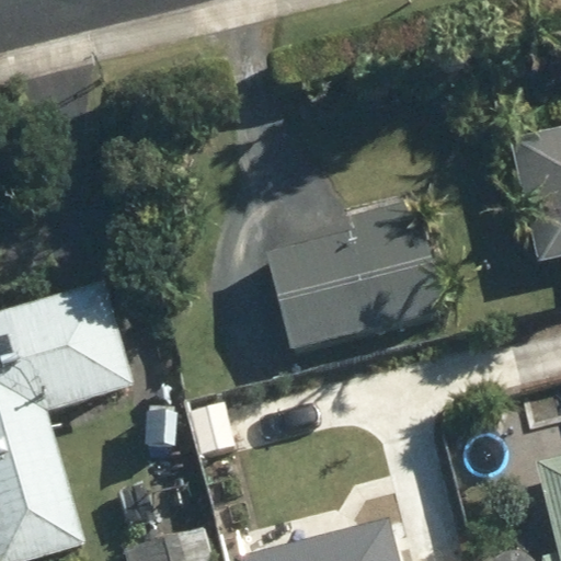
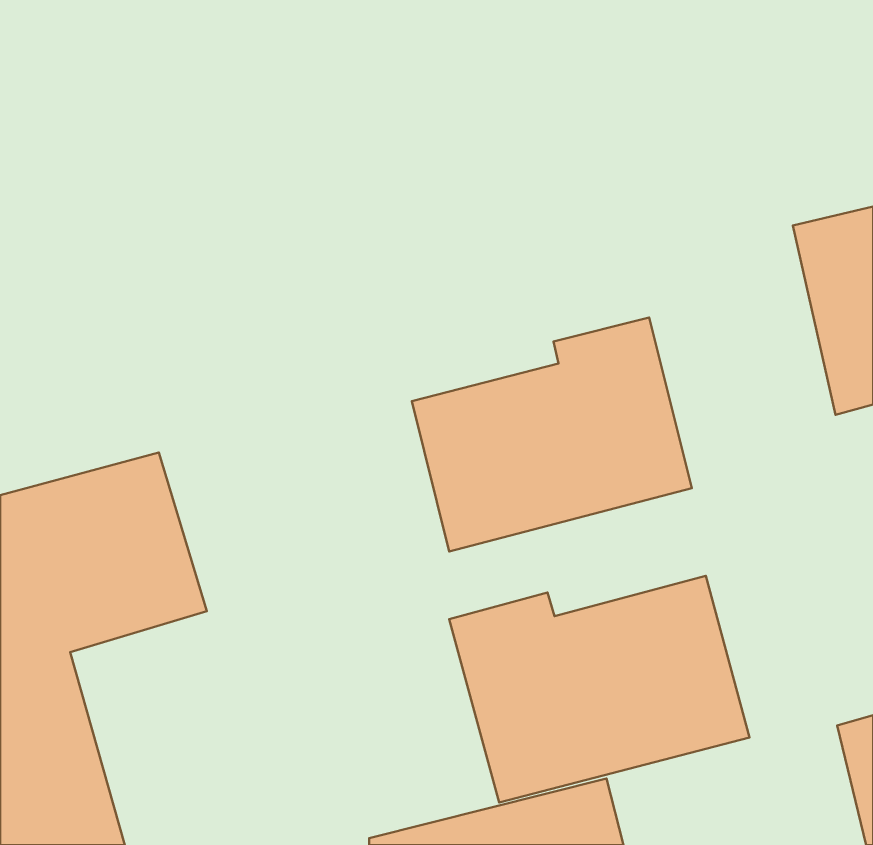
building: none -> [449,576,750,803]

